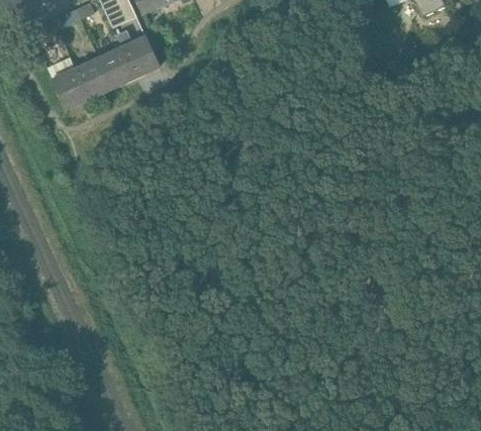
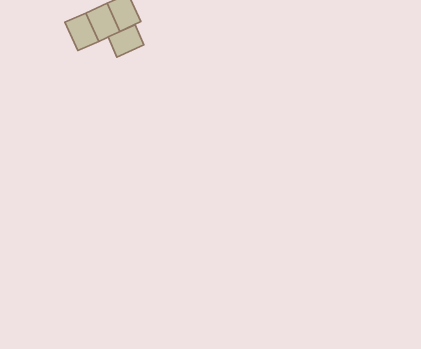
building: [53,67,90,109] -> none
building: none -> [108,25,144,57]

